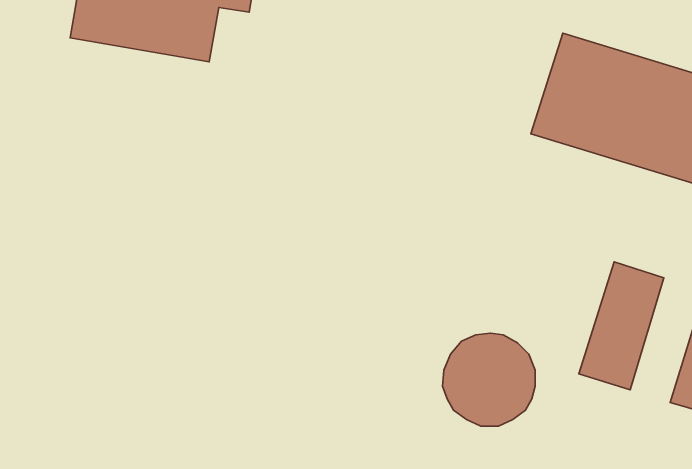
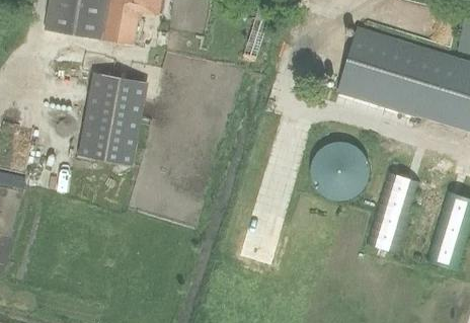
building: none -> [78,71,147,164]
building: [442,333,535,426] -> [310,140,369,198]

